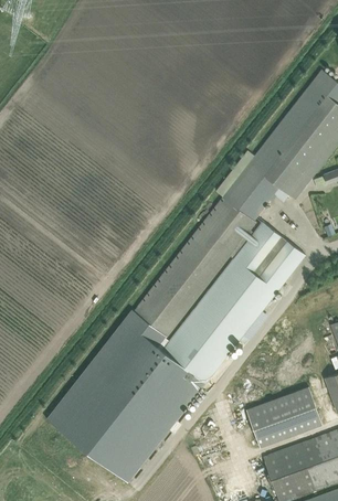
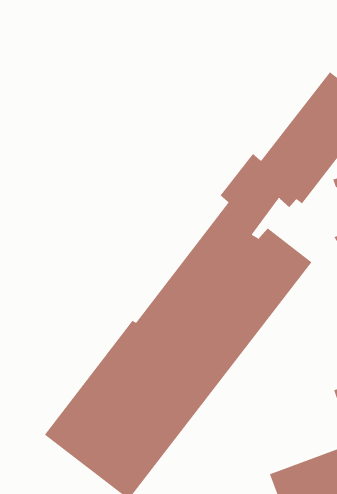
building: [245,386,323,448] -> none

